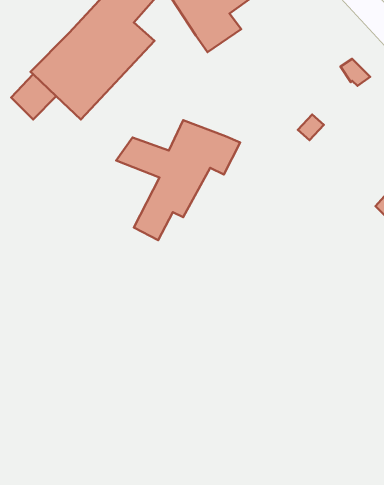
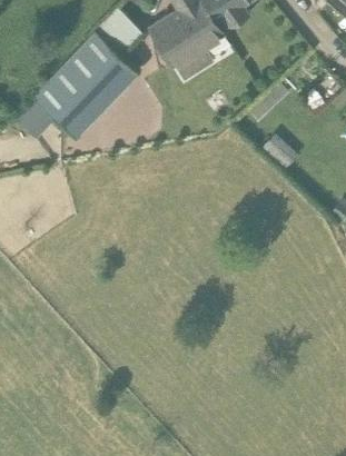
building: [116,120,240,240] -> none

